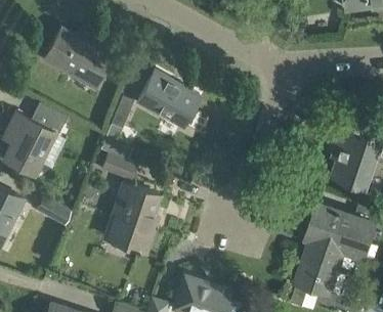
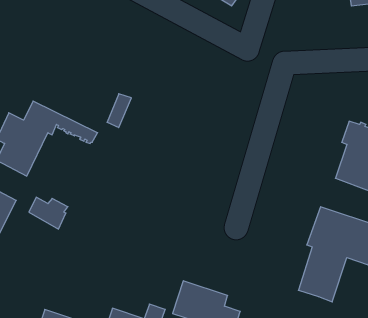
building: [43,27,115,86] -> none
building: [137,70,199,126] -> none
building: [100,151,159,254] -> none

